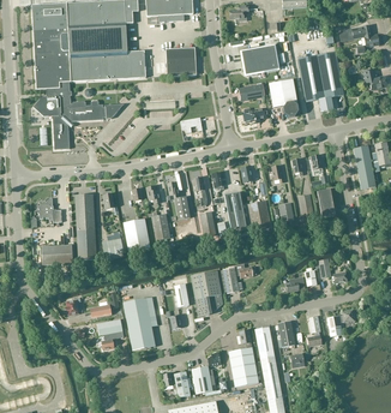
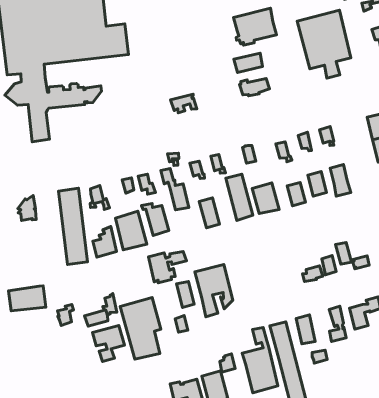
building: [166,47,196,76] -> none
building: [269,78,299,116] -> none
building: [41,244,73,264] -> [8,286,46,311]
building: [219,267,253,293] -> [148,252,186,283]

